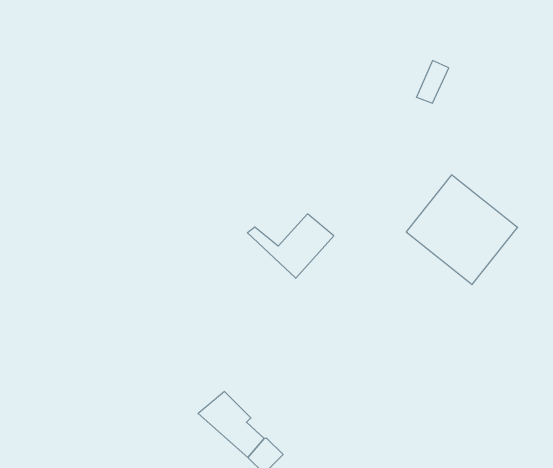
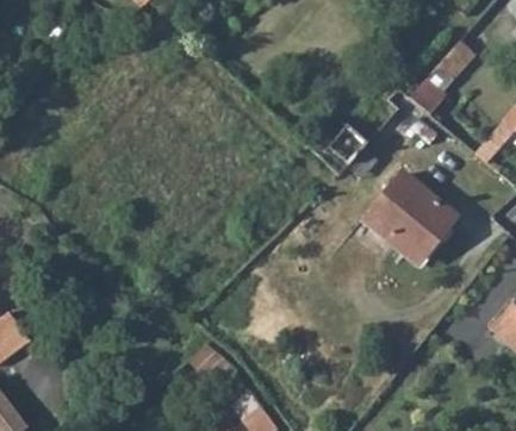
building: none -> [409,50,468,115]
building: [247,214,334,278] -> [298,124,368,176]

